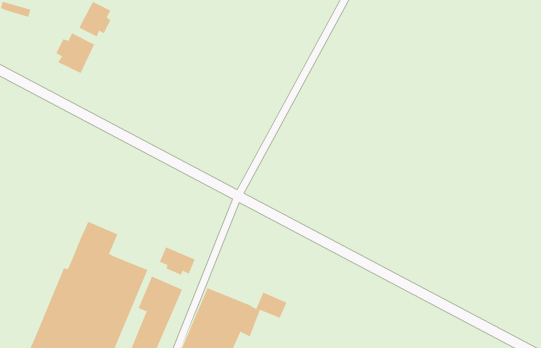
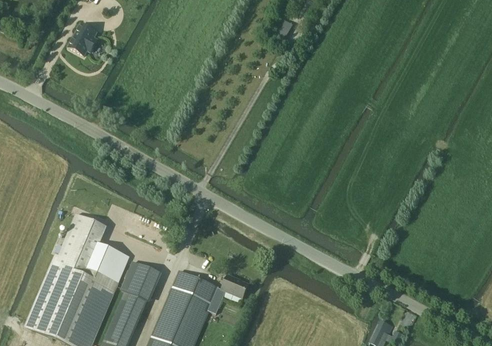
building: [56,32,95,74] -> none
building: [159,247,196,275] -> none

